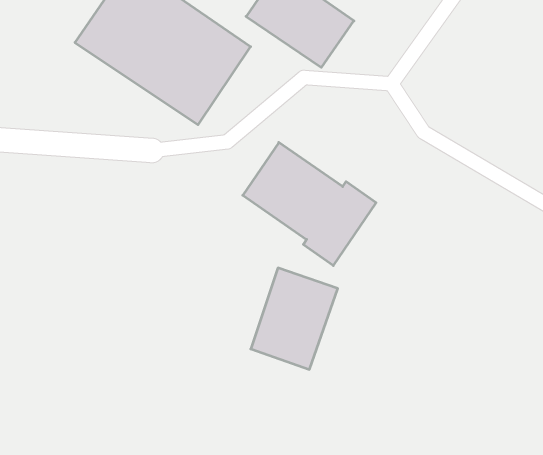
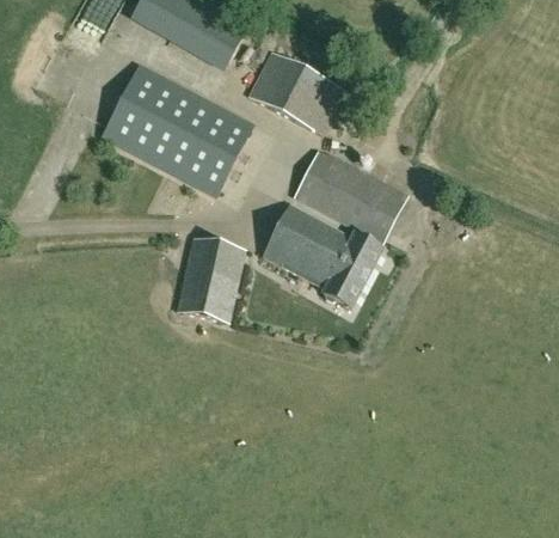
building: none -> [293,152,405,242]
building: [251,268,338,369] -> [174,236,245,322]

